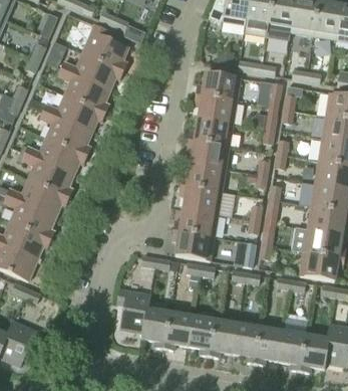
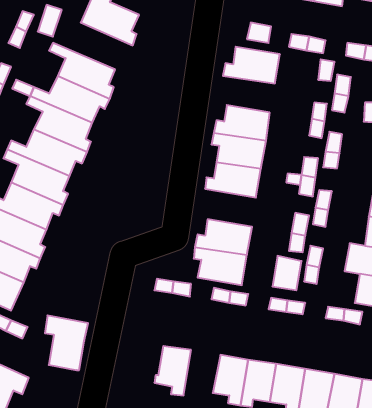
building: [60,53,123,90] -> none
building: [194,95,236,125] -> none
building: [179,185,221,215] -> none
building: [116,289,150,333] -> [45,315,88,370]
building: [163,313,193,351] -> none

